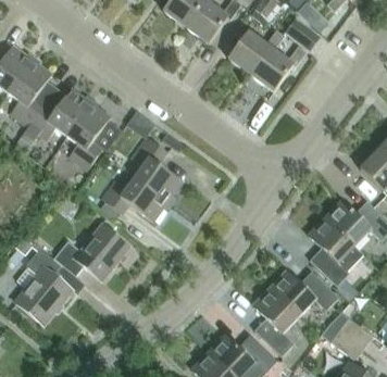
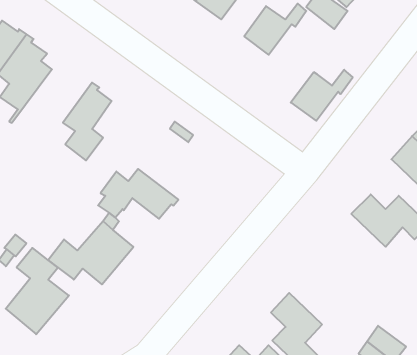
building: [250,46,305,91] -> [291,70,353,121]
building: [21,88,92,143] -> none
building: [130,136,182,204] -> none
building: [308,217,362,287] -> none
building: [269,271,338,316] -> none

